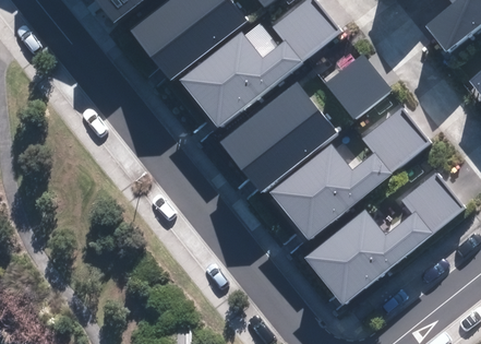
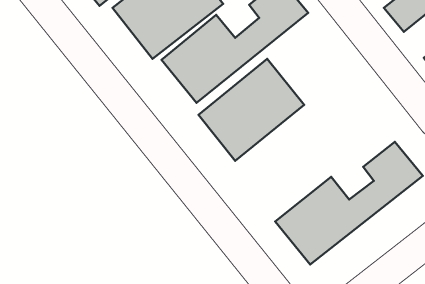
building: [325,55,390,119] -> none
building: [269,105,431,239] -> none

